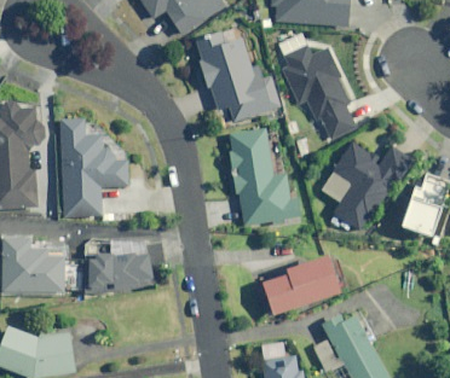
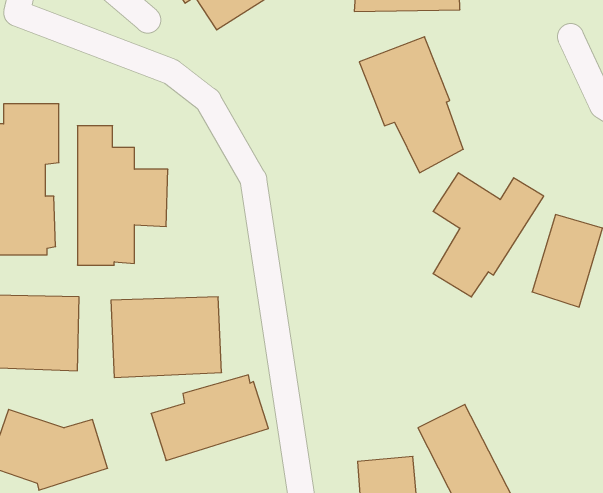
building: [186,34,267,127] -> none
building: [219,132,292,234] -> none
building: [254,258,339,320] -> [151,375,268,461]

